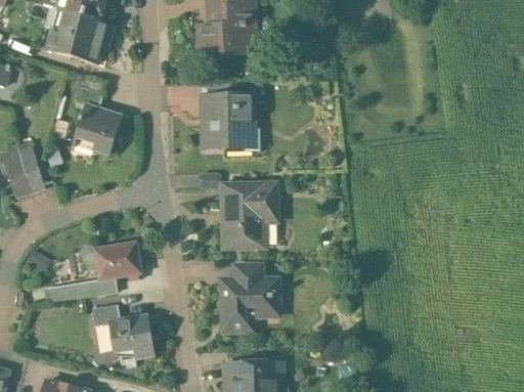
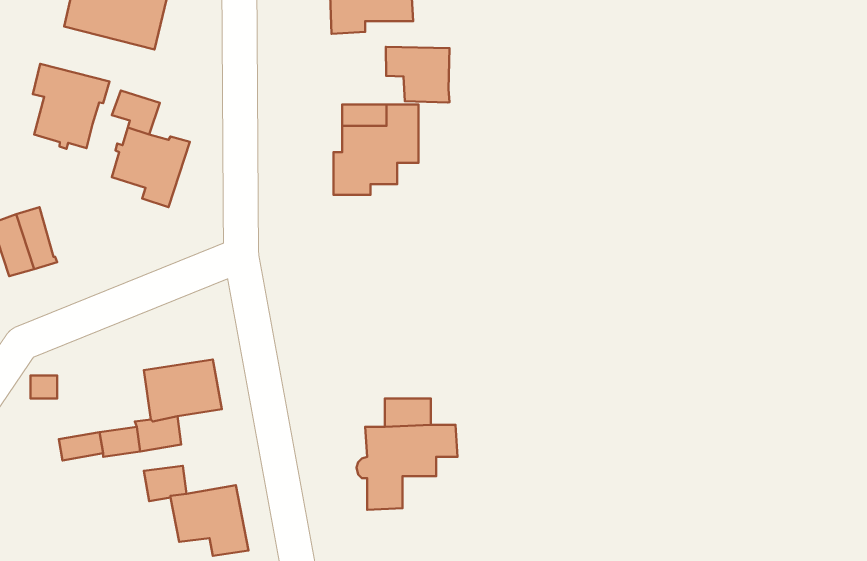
building: none -> [386,47,449,102]
building: none -> [33,64,110,149]
building: [223,184,276,247] -> none

